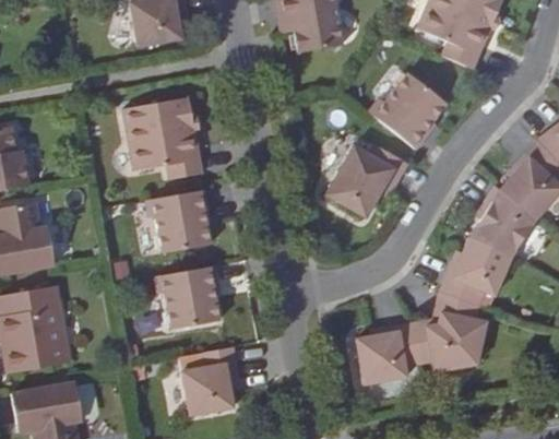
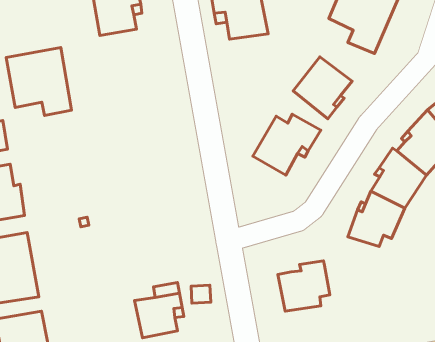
building: [123,96,203,179] -> [6,48,71,116]
building: [152,189,212,252] -> none
building: [162,264,221,329] -> none
building: [413,292,486,371] -> none

